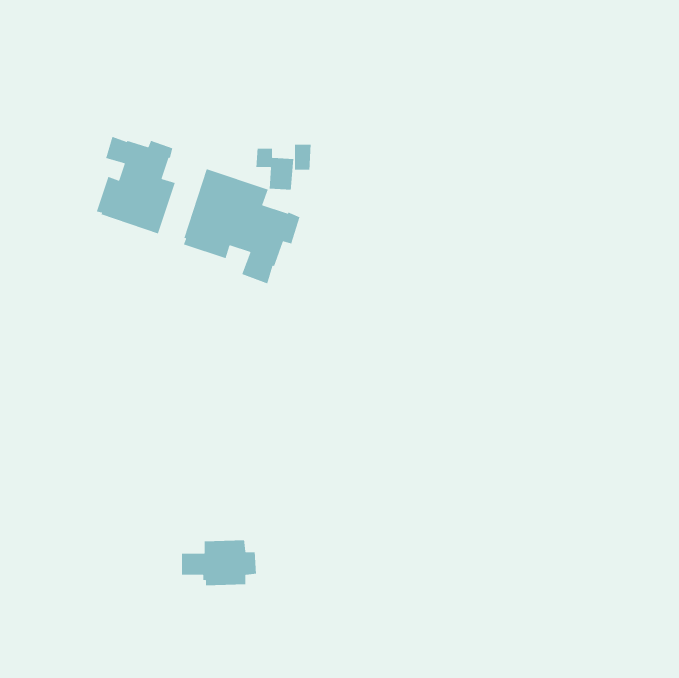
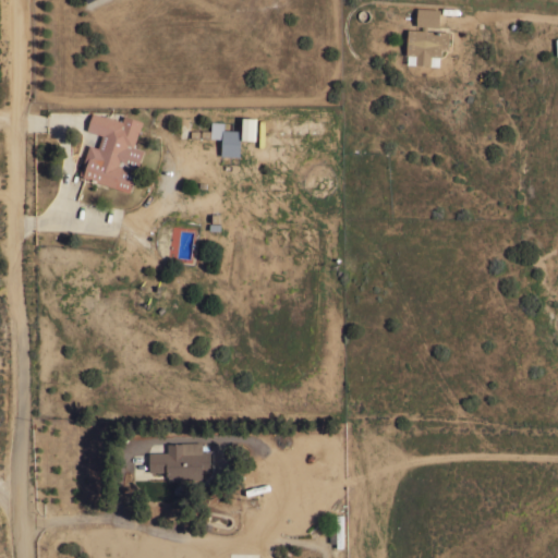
building: none -> [407,9,450,68]
building: [183,168,301,284] -> none

